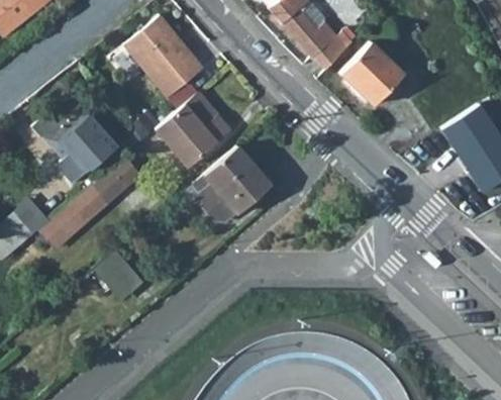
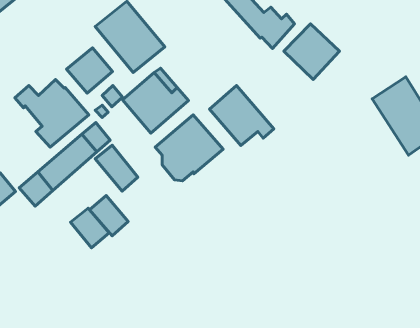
building: none -> [67,48,112,93]
building: none -> [210,85,274,146]
building: none -> [95,145,138,191]
building: none -> [89,195,128,236]

